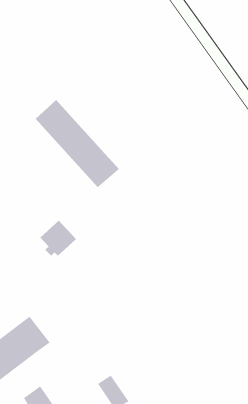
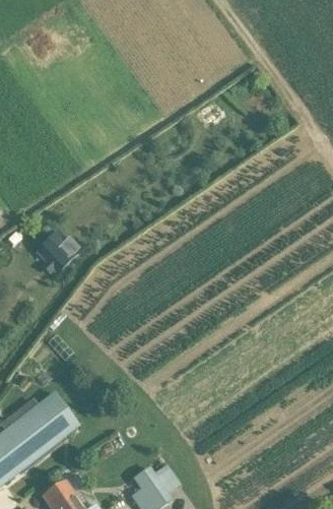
building: [35,99,120,188] -> none
building: [40,220,77,257] -> [36,229,81,273]

